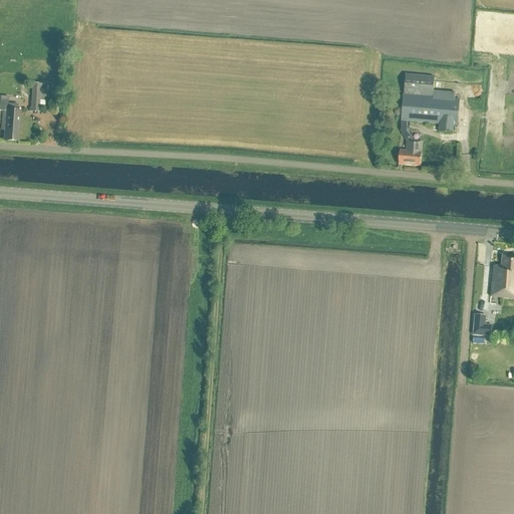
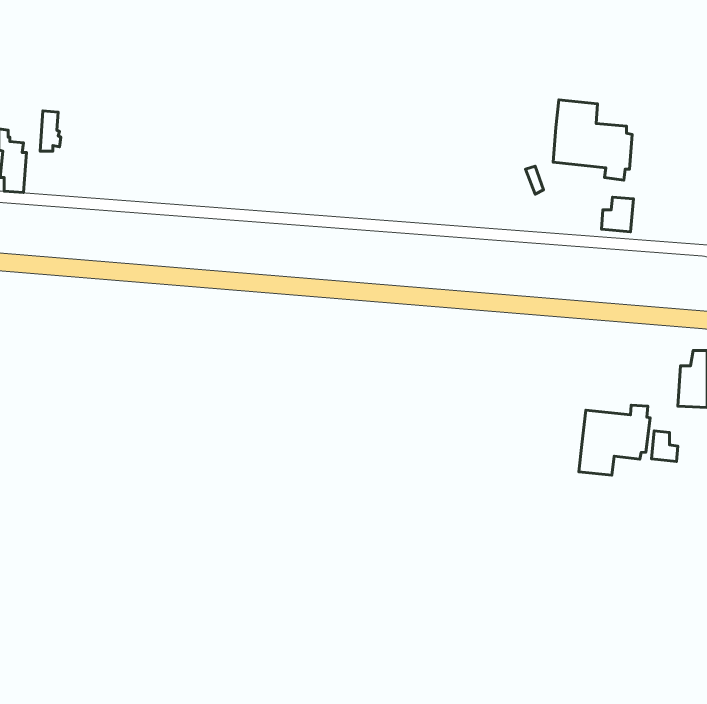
building: [398,140,421,165] -> [601,197,633,232]
building: none -> [579,405,650,475]

